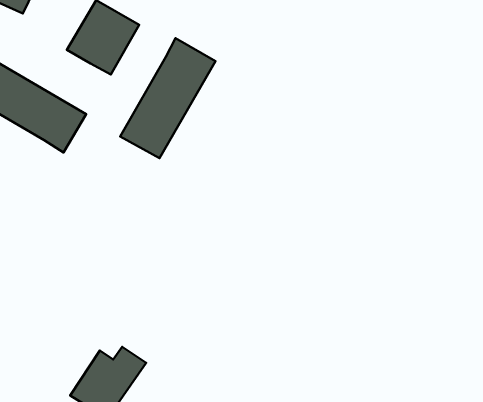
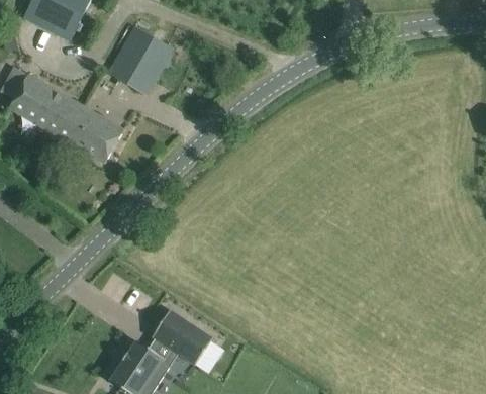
building: [120,38,215,158] -> none
building: none -> [152,308,212,364]

